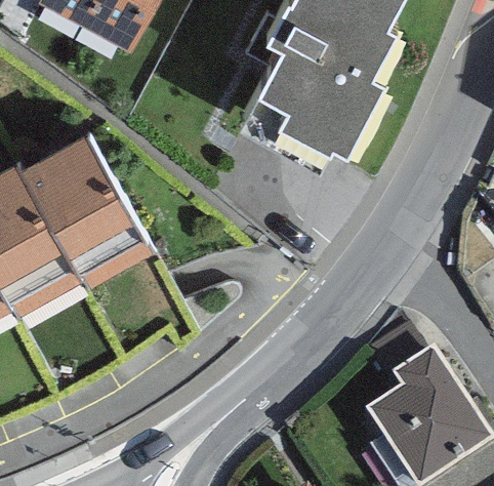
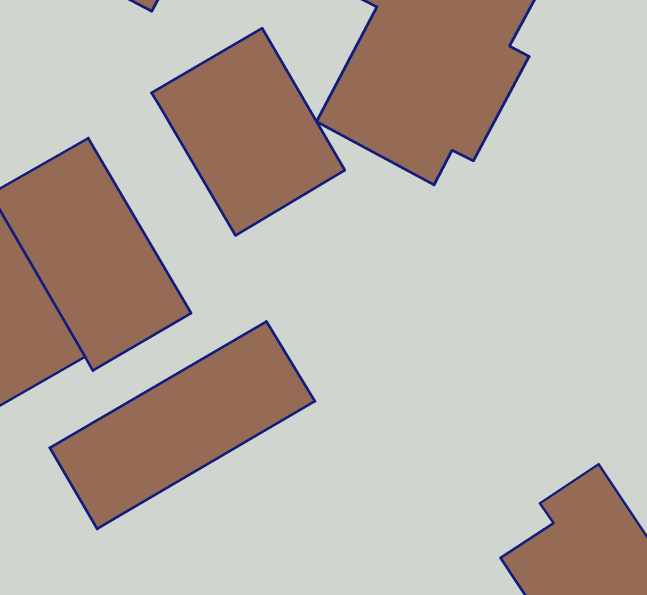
building: none -> [151,28,345,235]
building: none -> [50,321,315,529]

